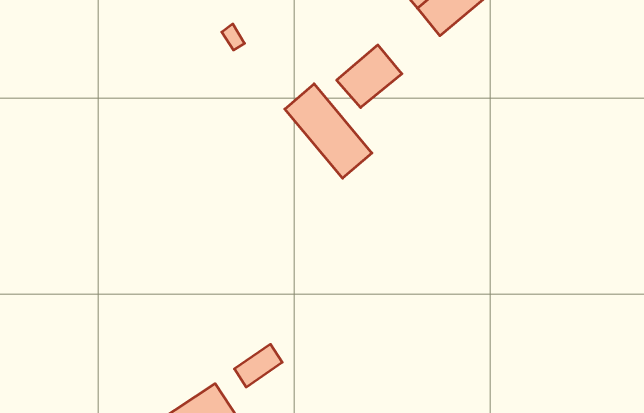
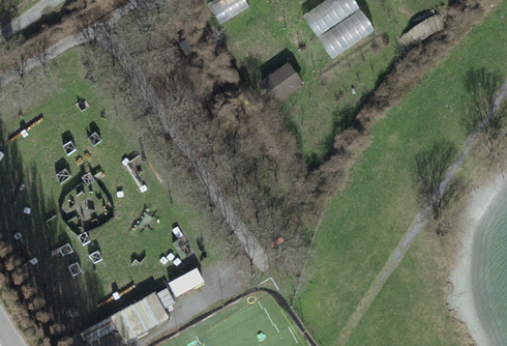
building: [285,84,372,178] -> none

